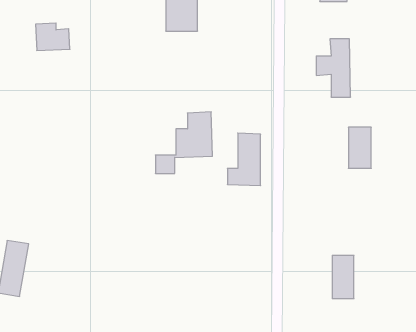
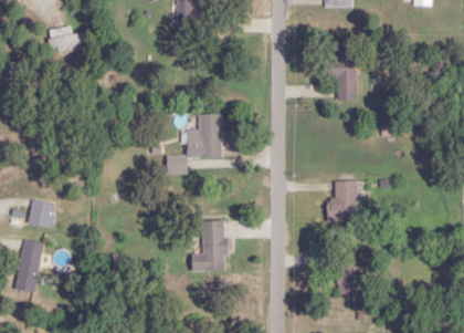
building: [348,127,371,168] -> [335,181,357,221]
building: [227,133,261,186] -> [192,220,224,271]
building: none -> [28,199,55,228]

